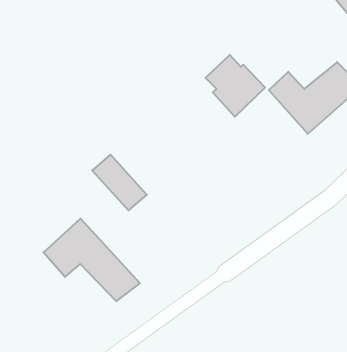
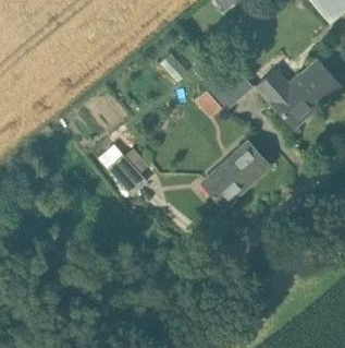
building: none -> [204,143,270,208]
building: [43,219,140,301] -> none

